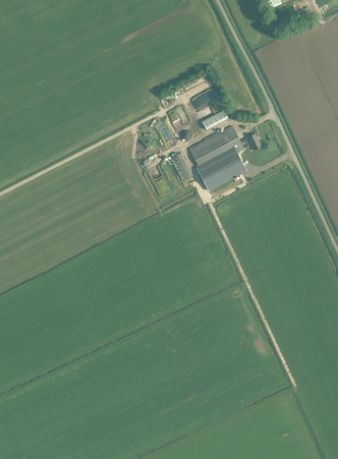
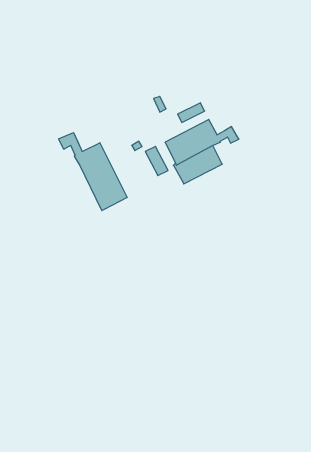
building: none -> [59,133,127,211]

